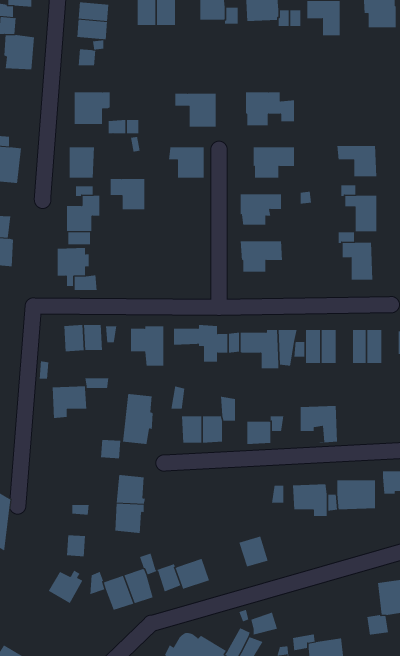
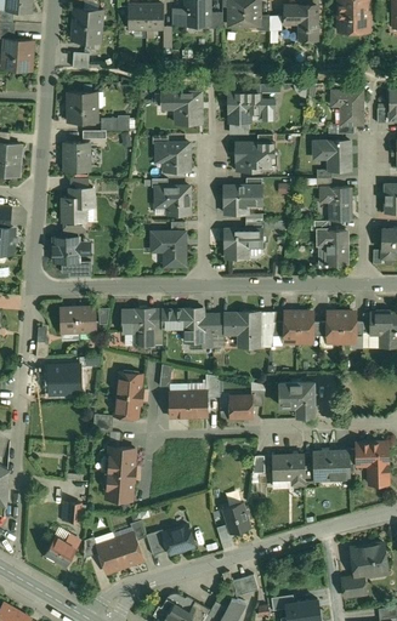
building: none -> [331,90,363,124]
building: [110,179,145,210] -> [157,186,189,215]
building: none -> [152,232,186,266]

